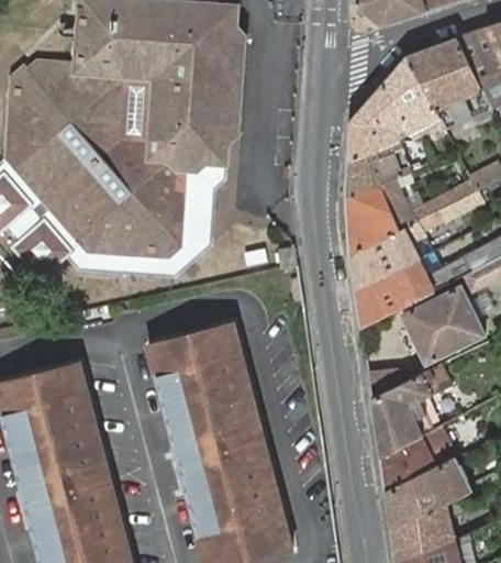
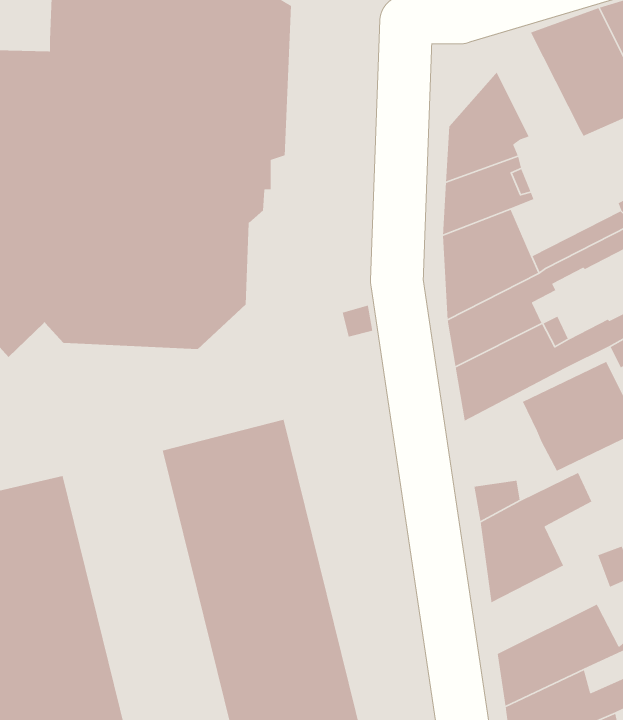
building: [385,53,443,133] -> none
building: [380,424,455,489] -> none

